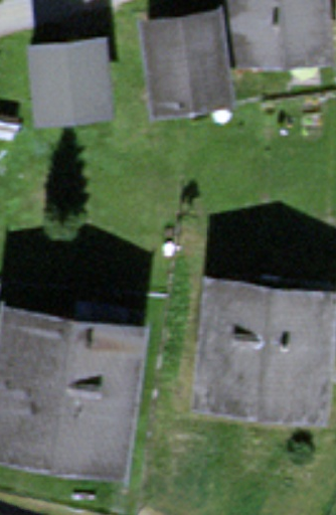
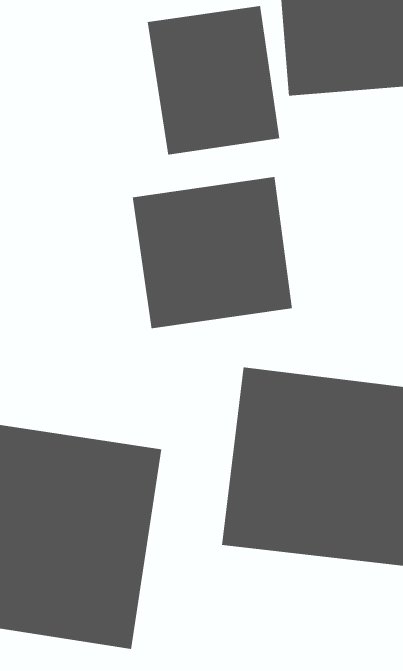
building: [31,46,114,125] -> none
building: none -> [132,176,292,329]

